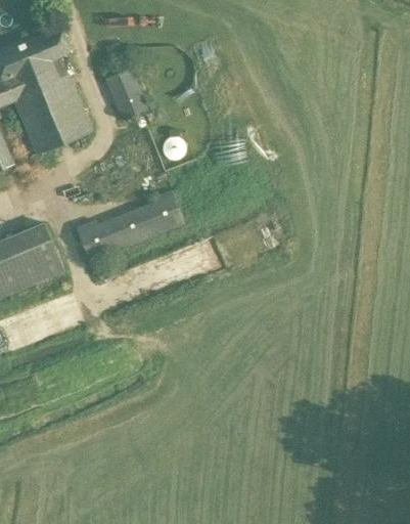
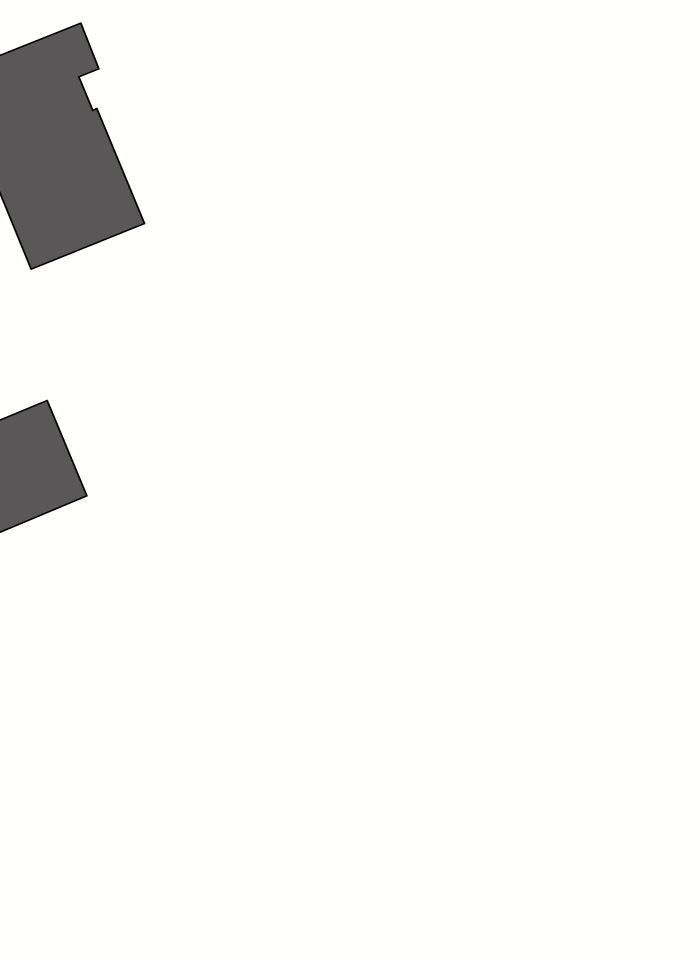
building: [105,69,147,119] -> none
building: [76,189,185,261] -> none

